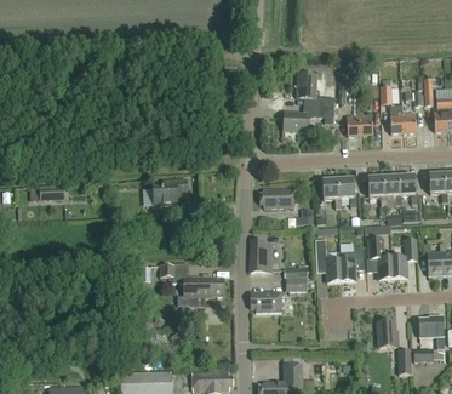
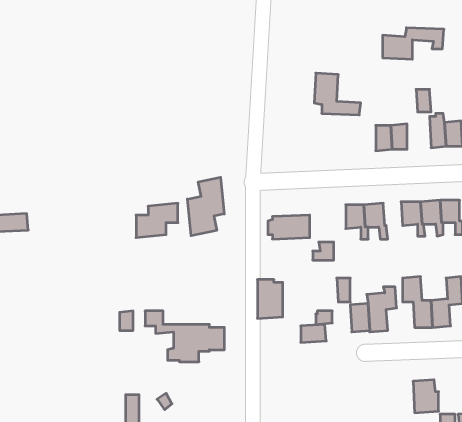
building: [284,104,333,130] -> [383,28,444,59]
building: none -> [187,177,224,236]
building: [251,291,281,310] -> none

